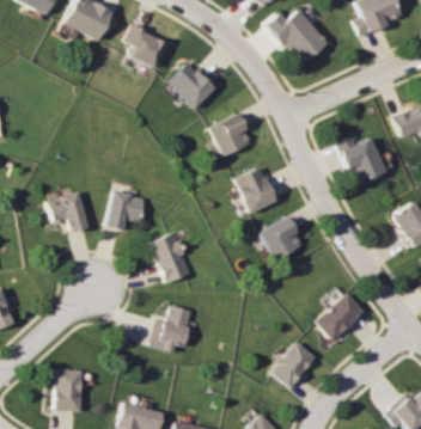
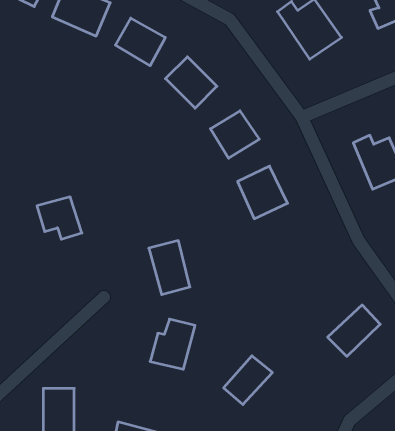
building: [106,191,147,231] -> none
building: [262,216,305,261] -> none
building: [273,342,318,387] -> [224,356,272,405]

